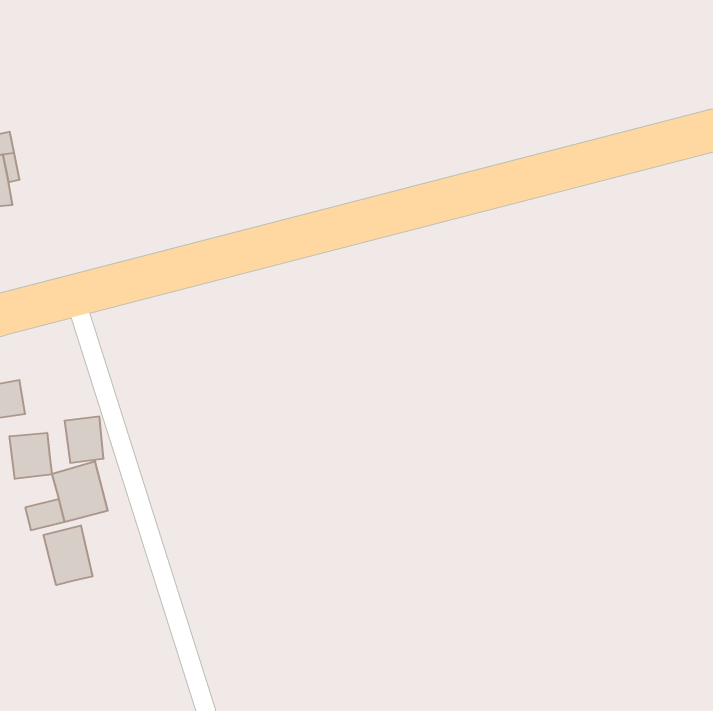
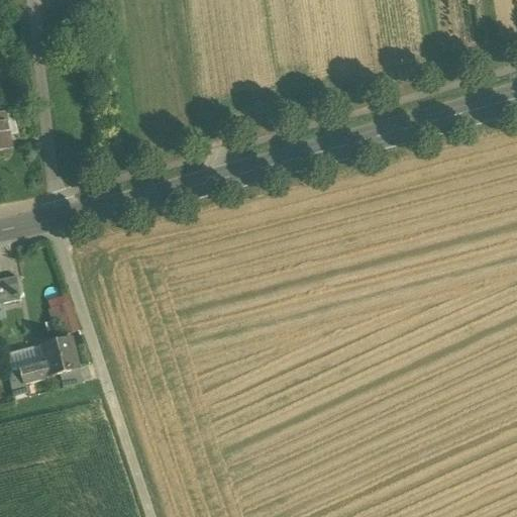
building: [10,433,52,479] -> none
building: [44,525,93,585] -> none

